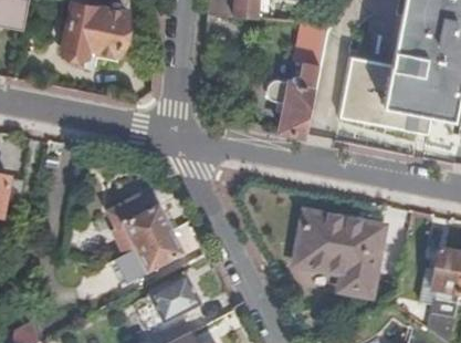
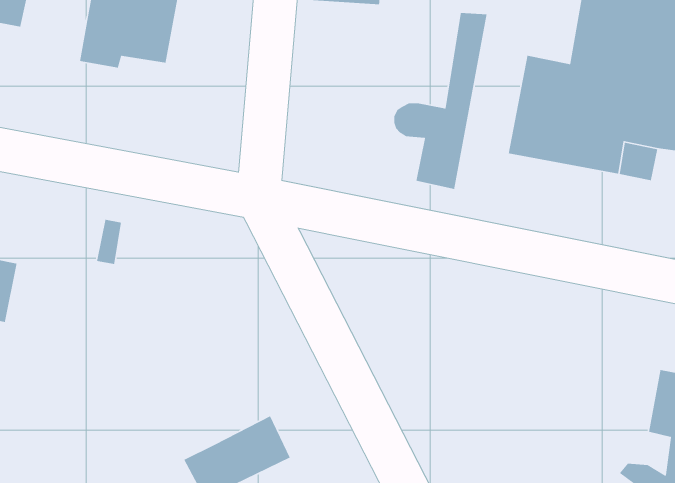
building: [108,190,185,287] -> none
building: [294,211,384,294] -> none

